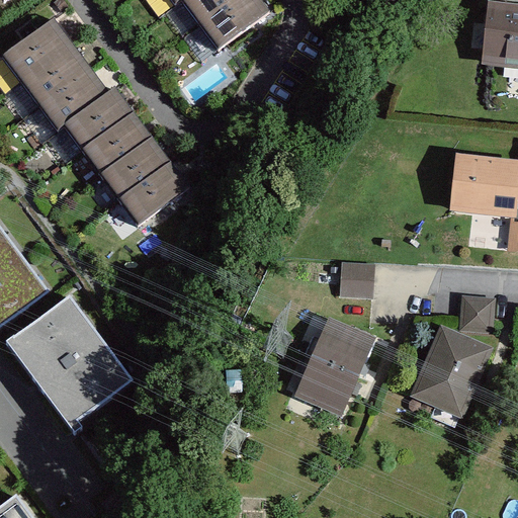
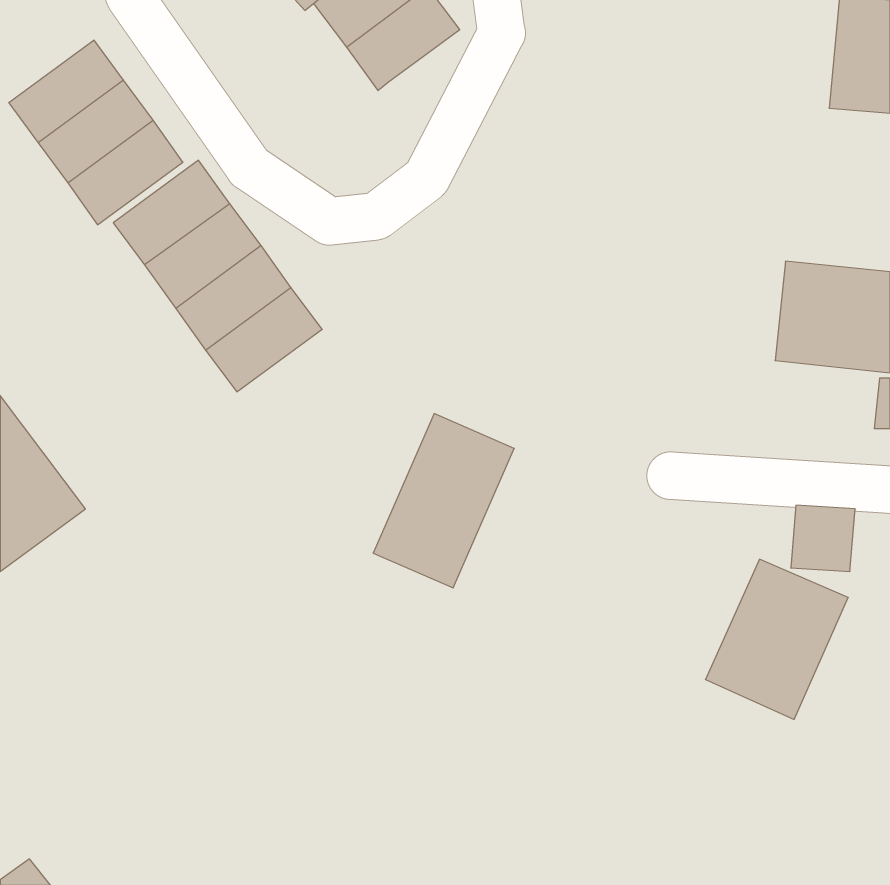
building: [341,261,376,296] -> none
building: [7,294,134,432] -> none
building: [294,315,376,416] -> [373,414,514,588]

